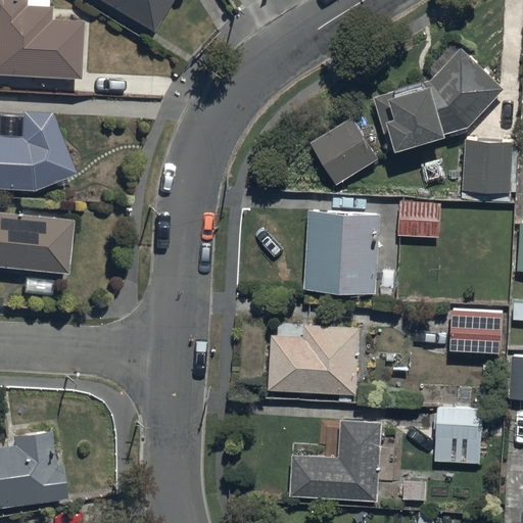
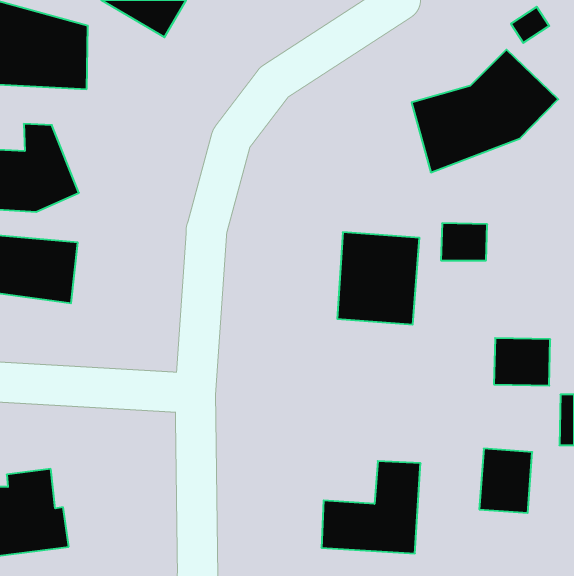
building: [311,116,378,184] -> none
building: [466,140,512,193] -> none
building: [270,325,359,395] -> none

